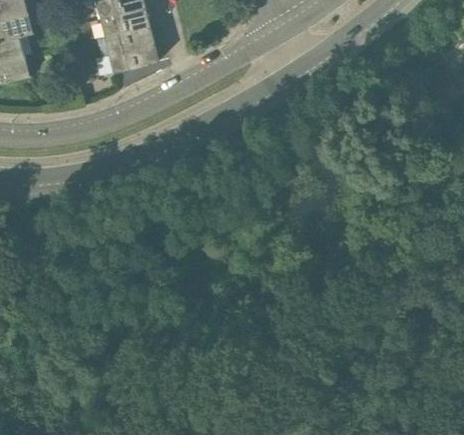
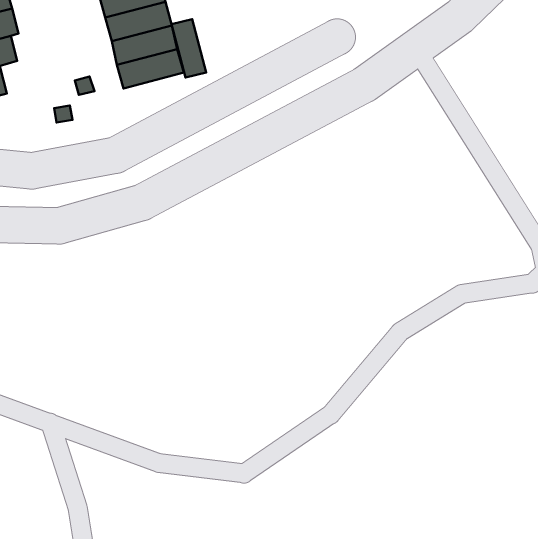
building: none -> [172,19,206,78]

